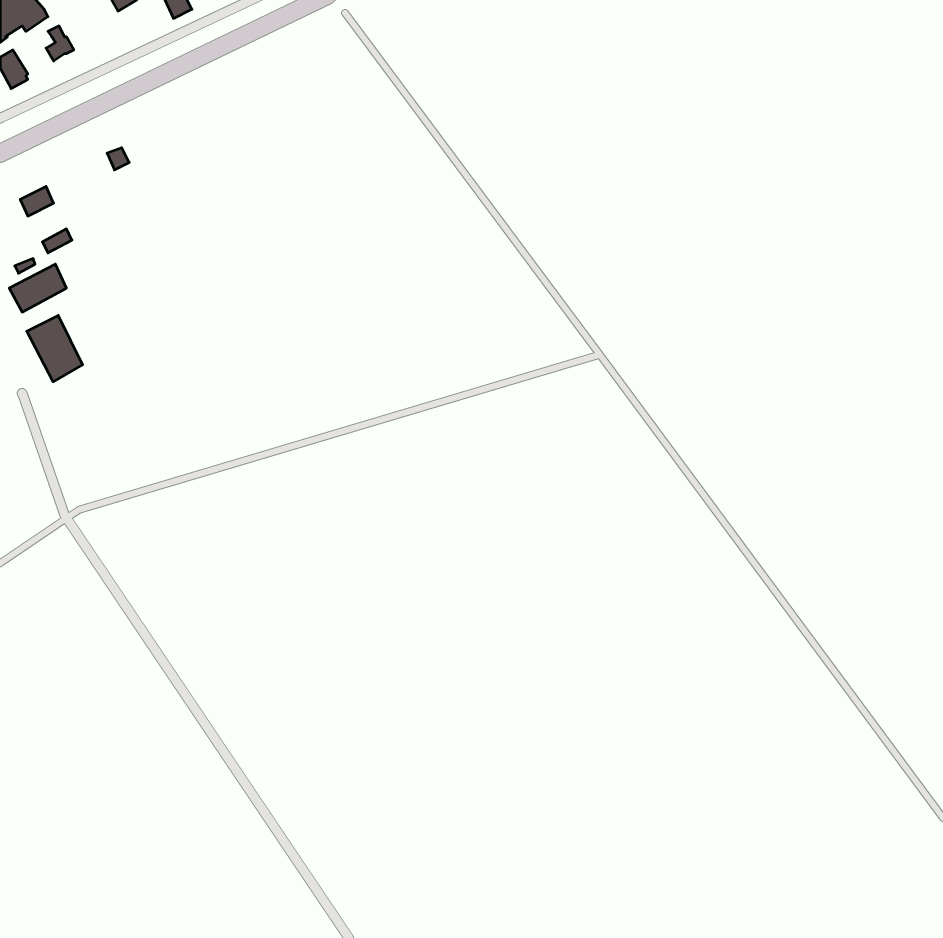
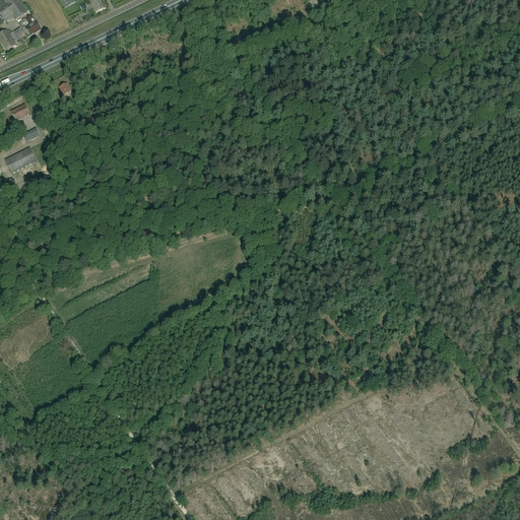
building: [27,315,83,382] -> none

